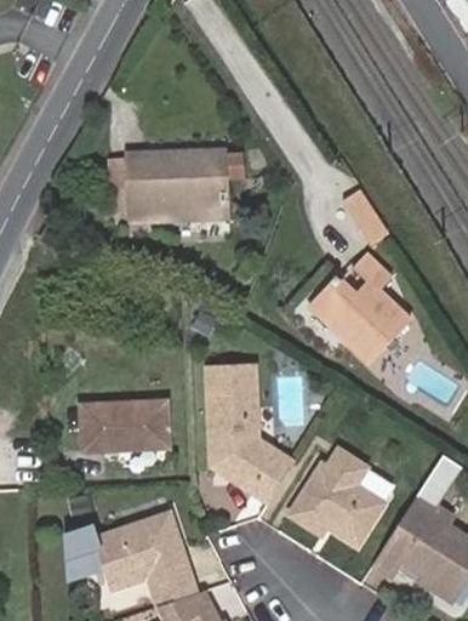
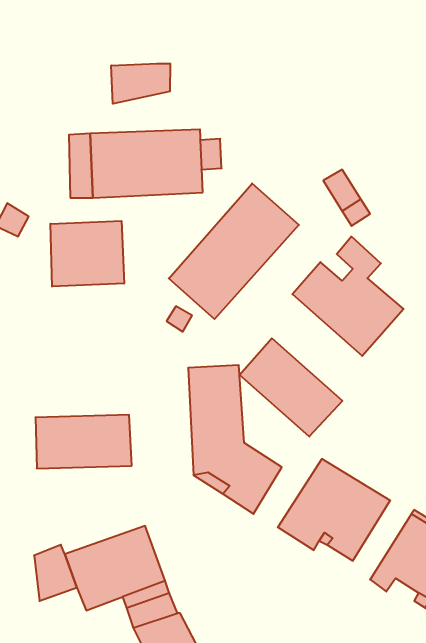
building: none -> [111,64,170,104]
building: none -> [169,183,299,319]
building: none -> [50,221,124,287]
building: none -> [240,338,342,437]

